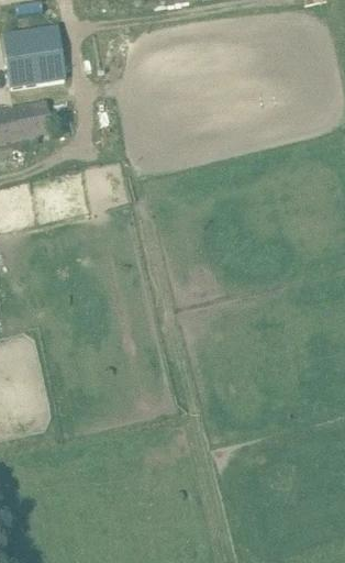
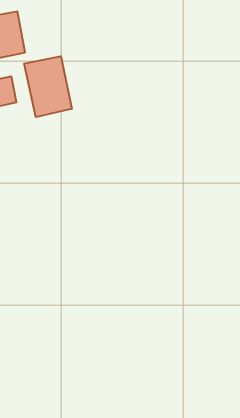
building: none -> [24,56,72,117]

